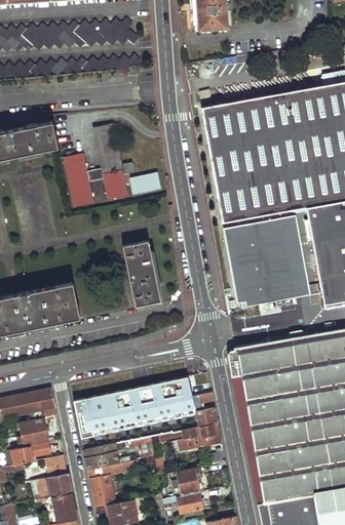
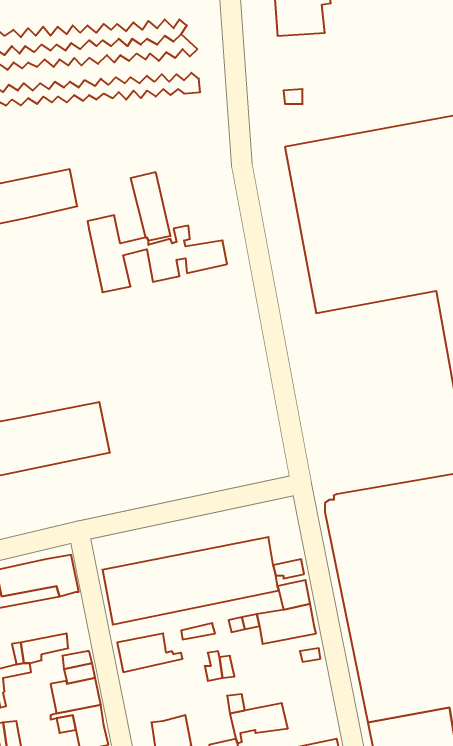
building: [222,215,309,310] -> none
building: [122,241,161,307] -> none
building: [18,418,48,446] -> none
building: [88,460,132,508] -> none
building: [172,467,201,493] -> none

